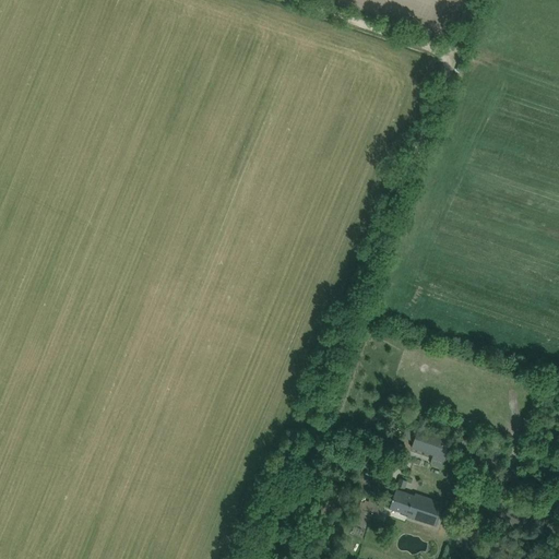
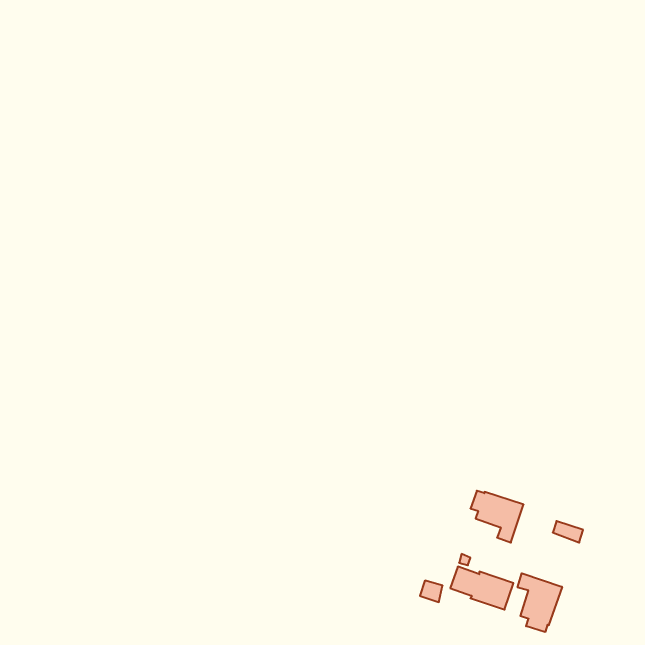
building: none -> [518,573,562,632]

